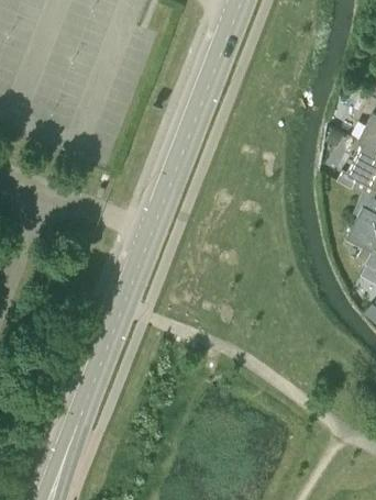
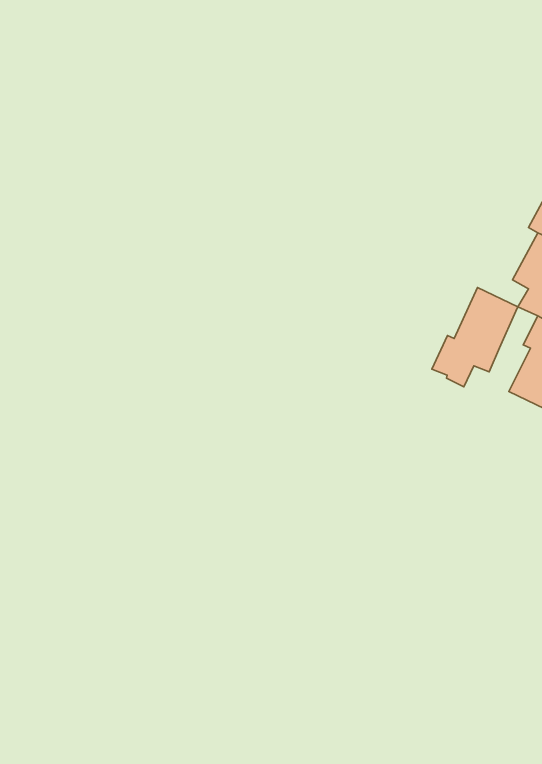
building: none -> [432,288,518,387]

